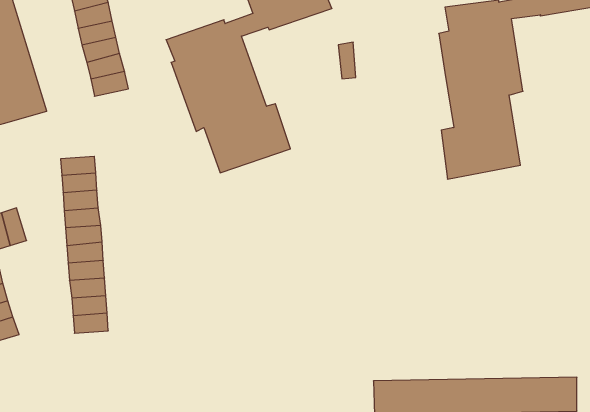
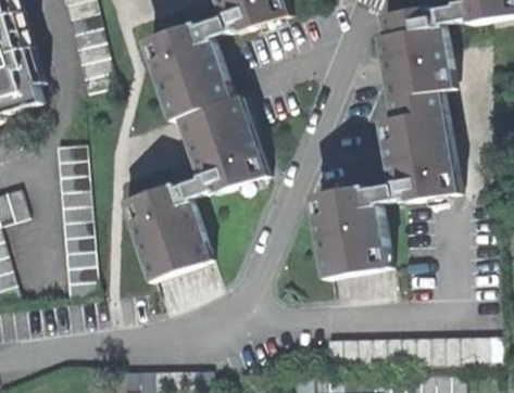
building: none -> [122,135,266,278]
building: none -> [314,149,459,275]

